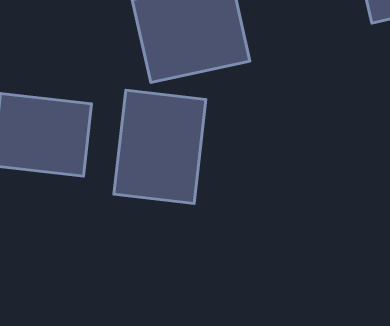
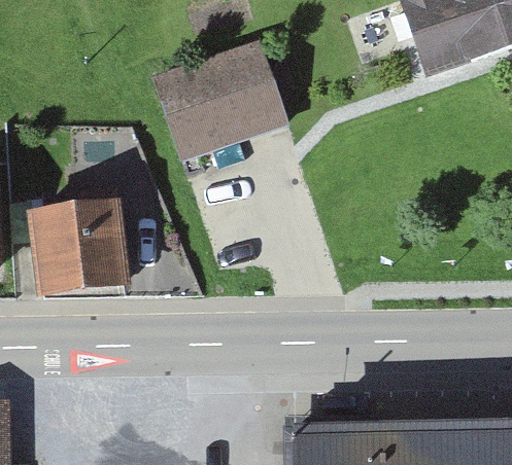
building: [114,90,206,204] -> none

